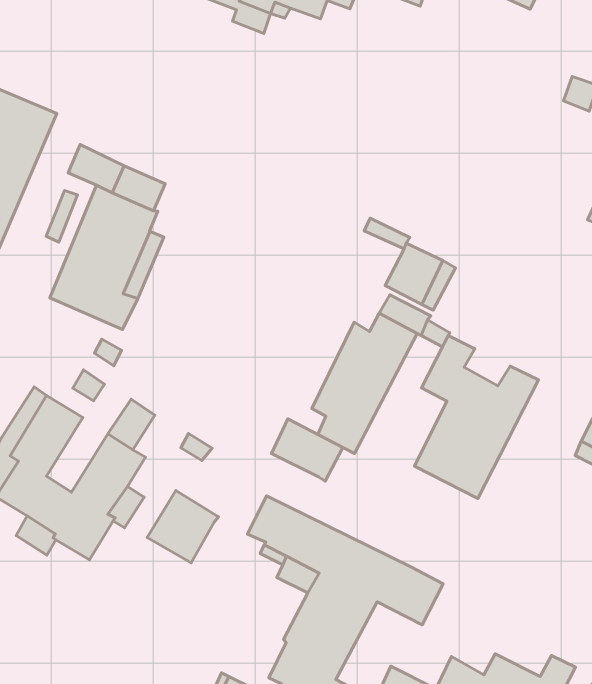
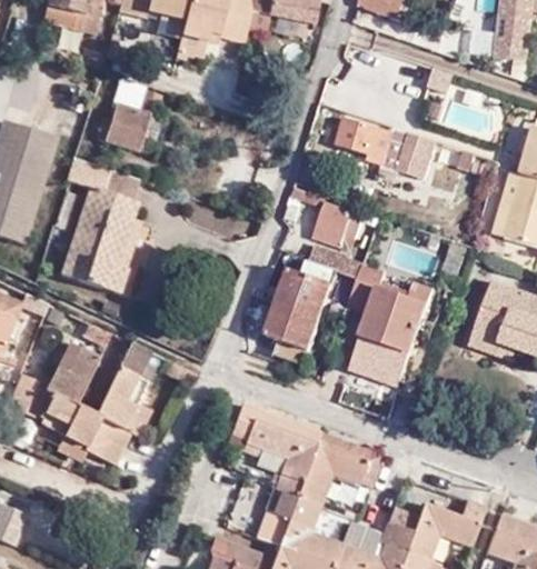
building: none -> [106,79,149,149]
building: none -> [339,114,439,179]
building: [271,419,343,481] -> none
building: [147,490,218,563] -> none

